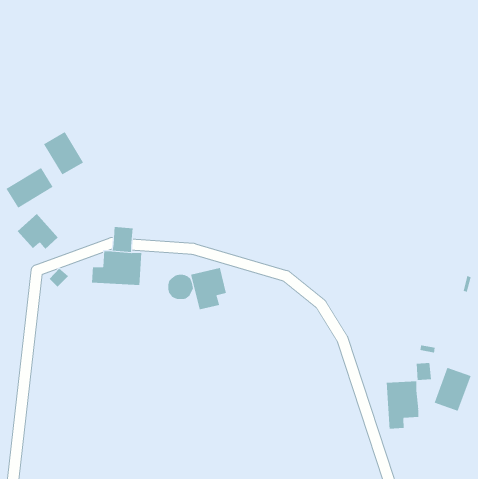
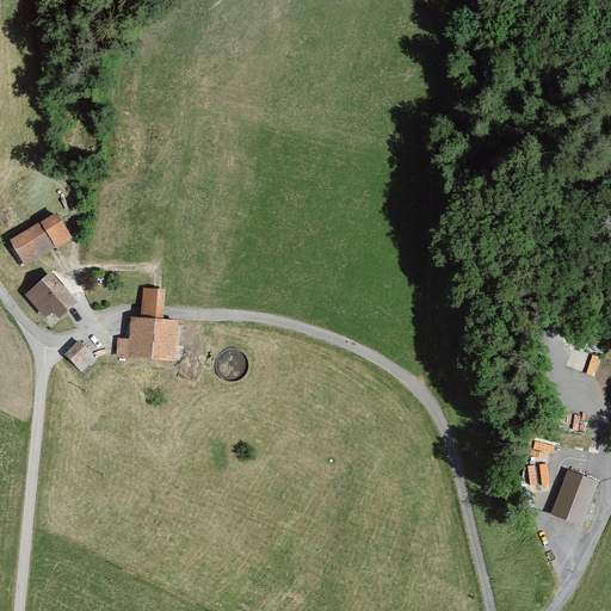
building: [43,131,84,175] -> none
building: [191,267,227,310] -> none
building: [386,380,419,429] -> none

